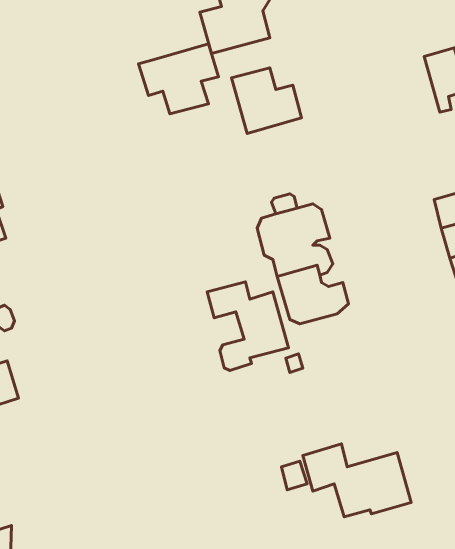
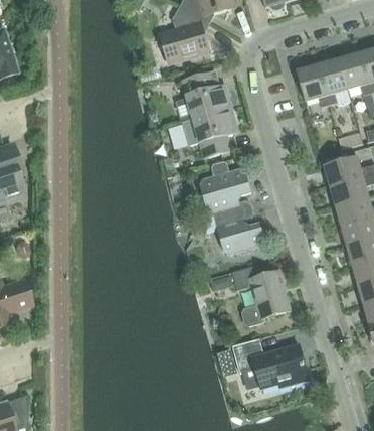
building: [138,44,218,114] -> [182,108,238,157]
building: none -> [296,64,329,106]
building: [207,282,289,371] -> [232,264,290,326]

